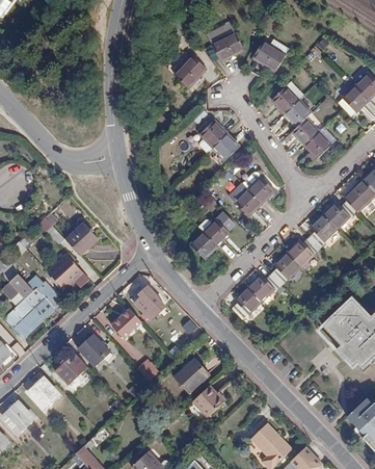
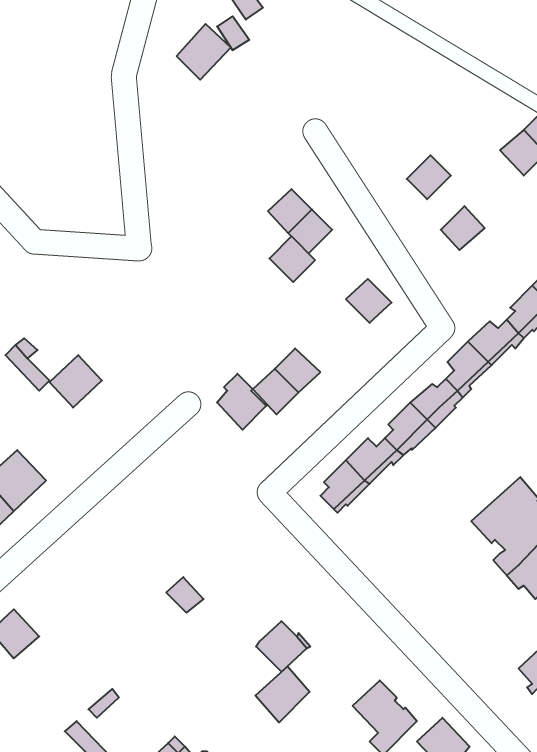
building: [211,31,244,62] -> none
building: [250,40,285,71] -> none
building: [173,54,207,88] -> [177,24,231,80]
building: [270,85,298,114] -> none
building: [291,118,319,146] -> none
building: [233,188,261,216] -> [269,236,315,282]
building: [47,254,88,289] -> none
building: [134,286,164,320] -> [217,374,266,430]
building: [110,309,141,339] -> none
building: [77,334,110,366] -> none
building: [55,353,87,385] -> none
building: [175,359,208,393] -> [255,667,310,722]

